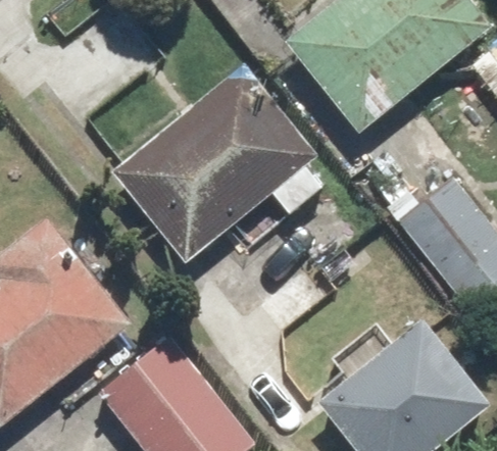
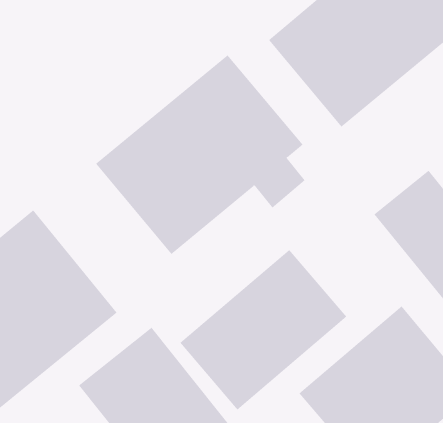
building: none -> [180,249,347,410]

